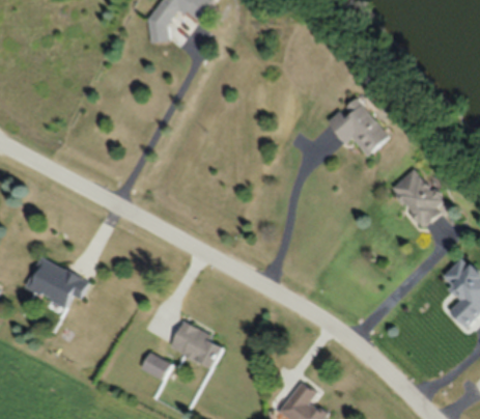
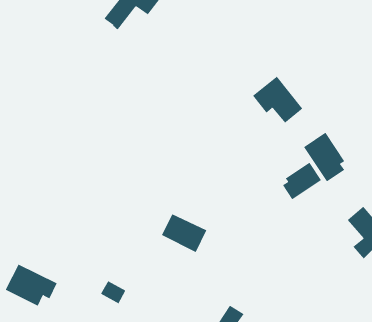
building: none -> [282,162,322,200]
building: [24,255,89,308] -> [5,264,58,307]
building: [168,320,225,369] -> [161,213,207,253]

